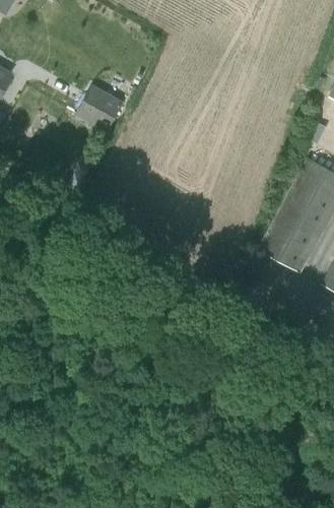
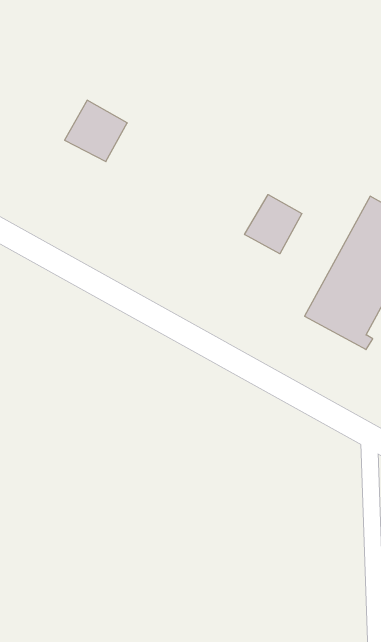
building: none -> [245,195,302,254]

